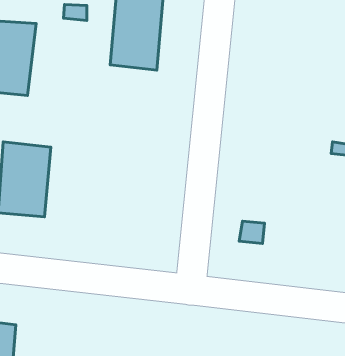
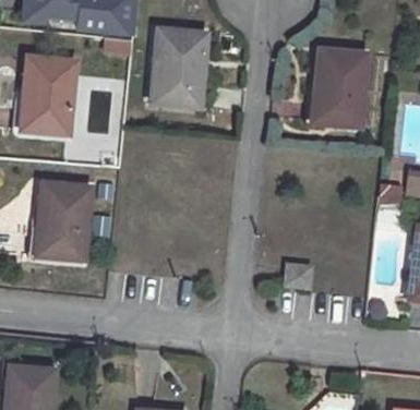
building: none -> [311,49,368,128]

